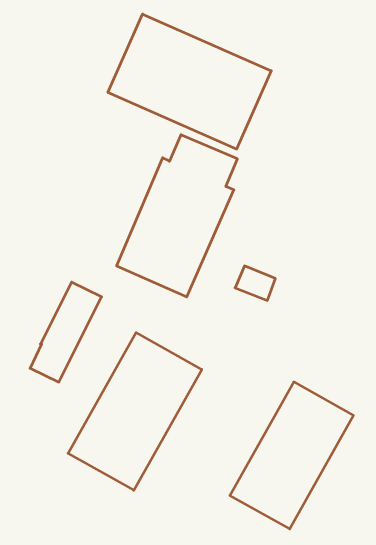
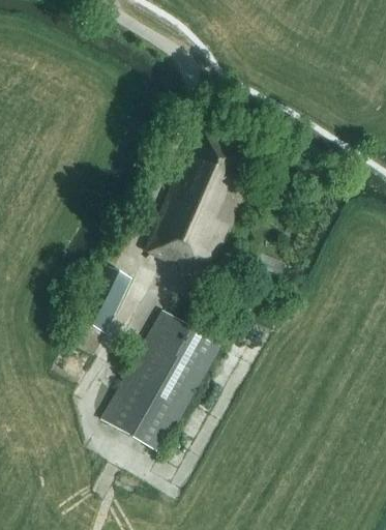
building: [108,14,271,149] -> none
building: [230,382,353,529] -> none

